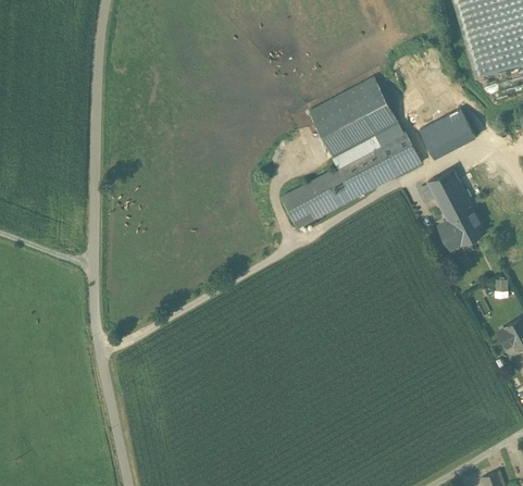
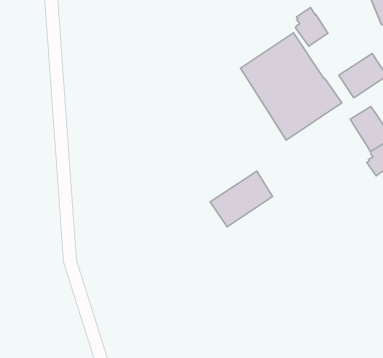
building: none -> [295,8,328,46]
building: [281,167,352,227] -> [210,171,273,227]

